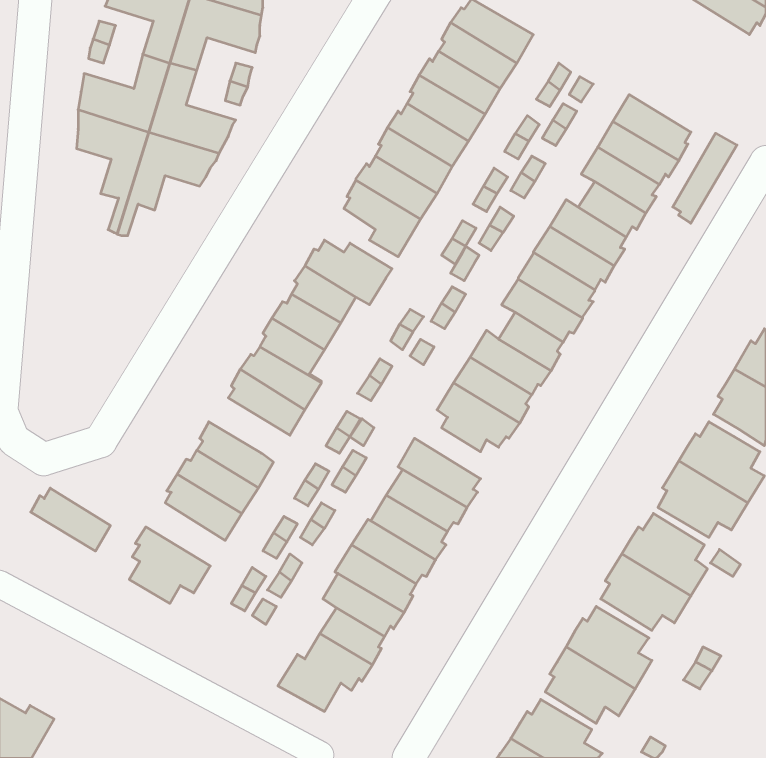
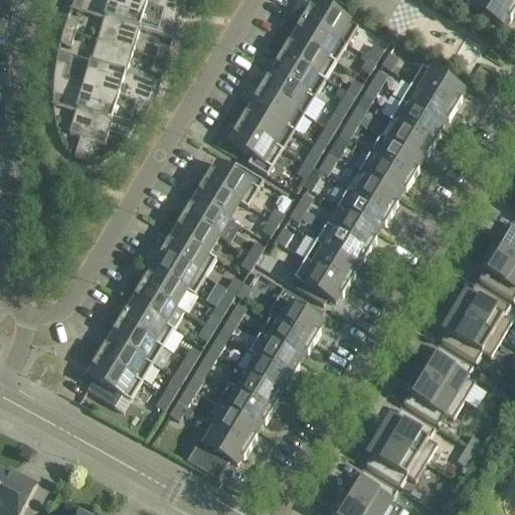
building: [673,133,737,223] -> none
building: none -> [140,267,194,310]
building: [31,488,110,551] -> [98,337,151,379]

